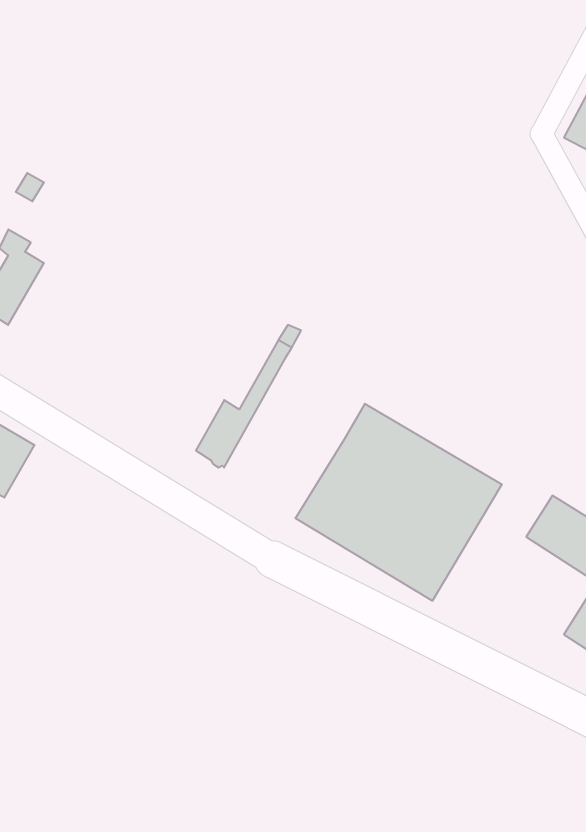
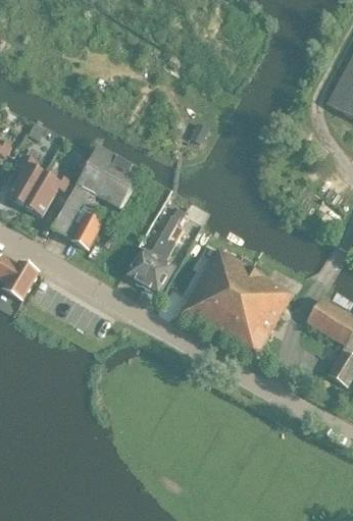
building: none -> [51,144,140,248]
building: none -> [24,171,69,215]
building: none -> [142,222,184,292]

